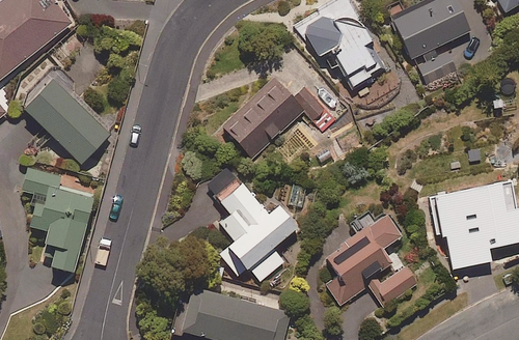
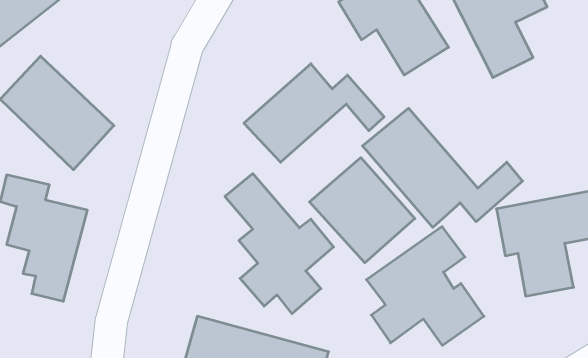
building: none -> [362,108,523,227]
building: none -> [309,158,415,263]

